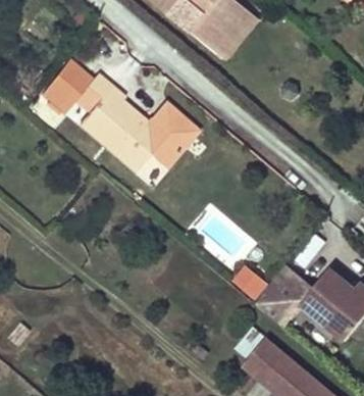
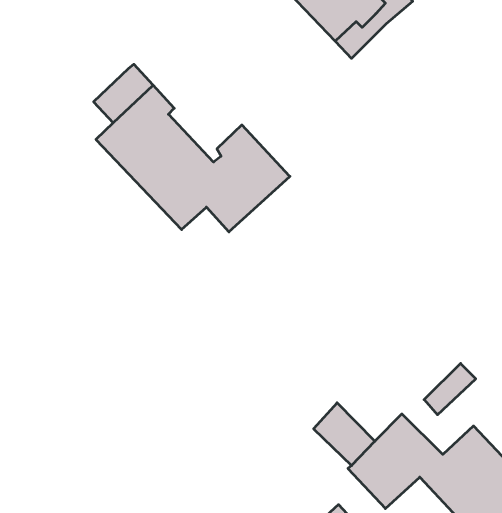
building: [44,59,94,111] -> none

